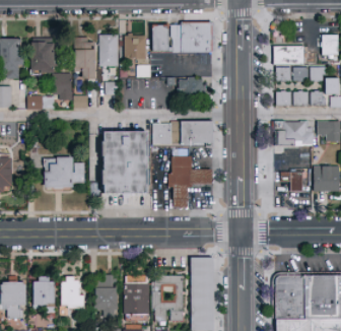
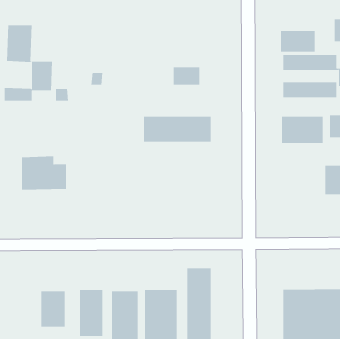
building: [152,23,212,53] -> none
building: [99,35,118,67] -> none
building: [124,36,146,60] -> none
building: [75,38,94,79] -> none
building: [101,132,148,195] -> none
building: [169,156,212,208] -> none
building: [280,173,304,192] -> none
building: [33,278,55,307] -> none

